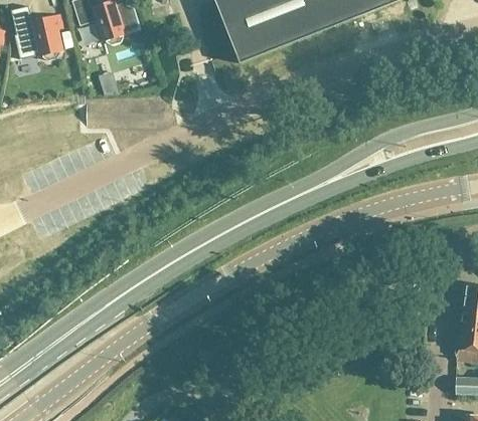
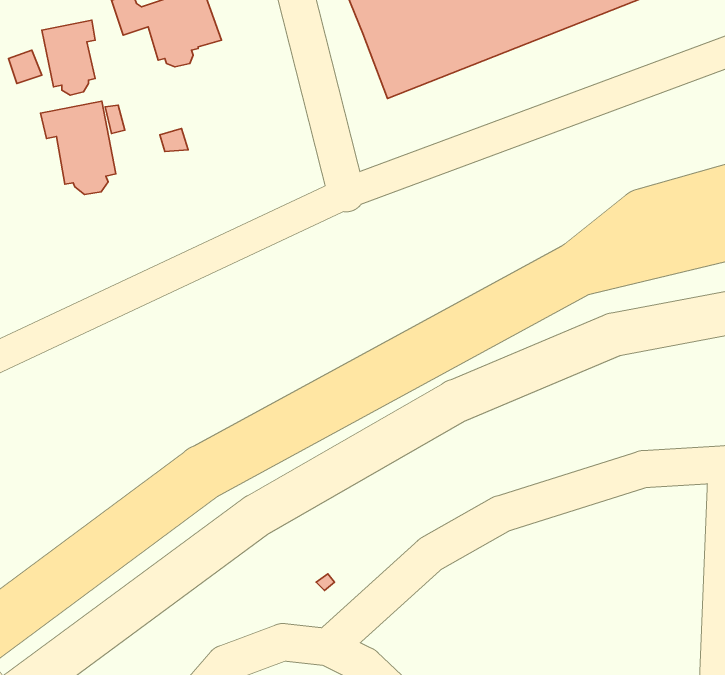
building: none -> [41,101,116,194]

